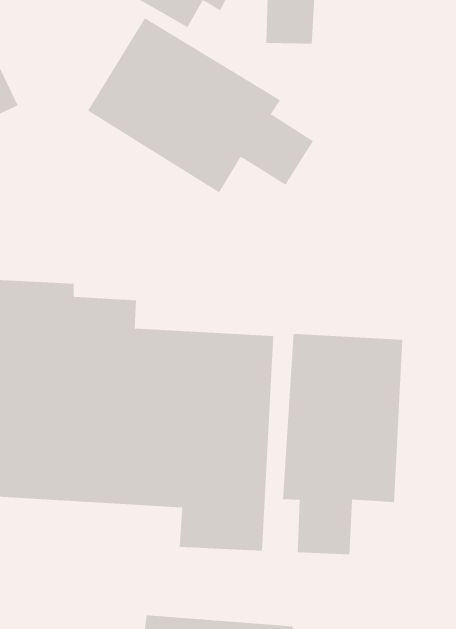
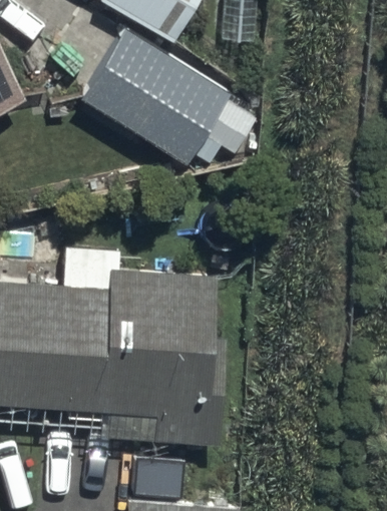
building: [283,333,403,555] -> none

